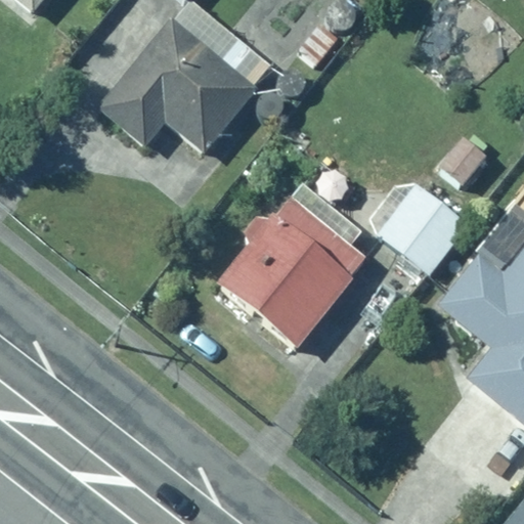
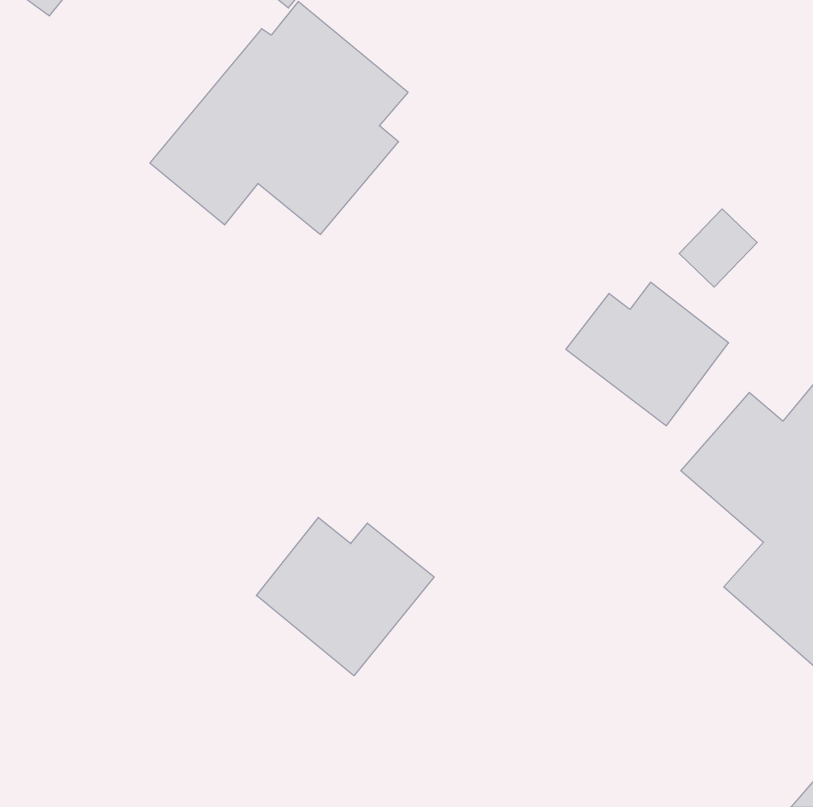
building: [218,198,368,349] -> none
building: none -> [256,517,434,676]

